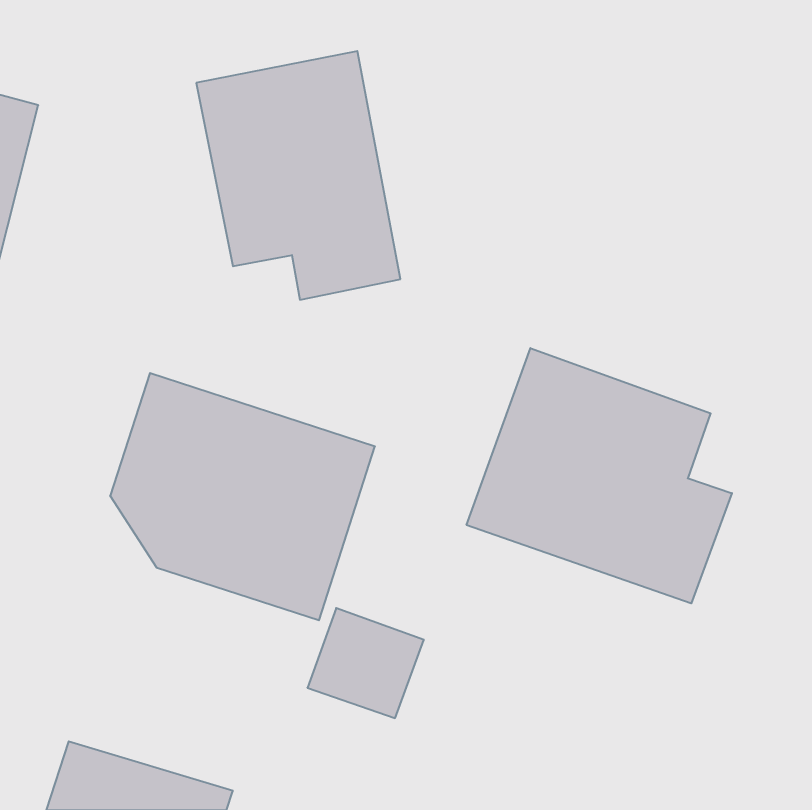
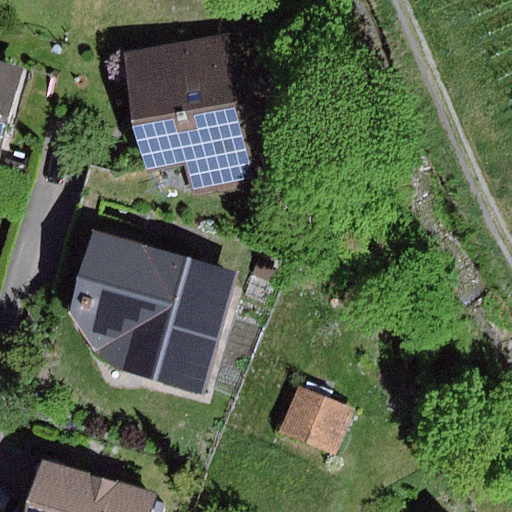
building: [467,348,732,603] -> none
building: [307,608,424,718] -> [279,386,352,455]

